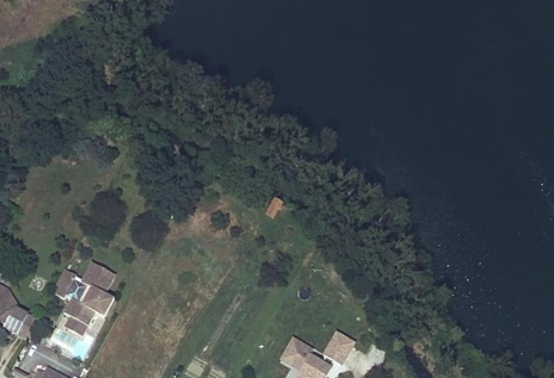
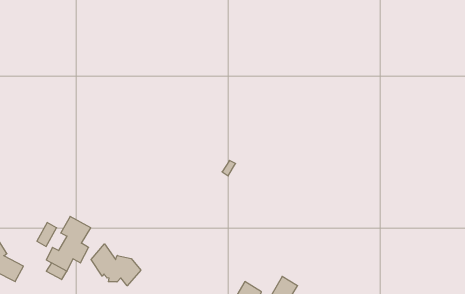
building: none -> [91,244,141,286]

